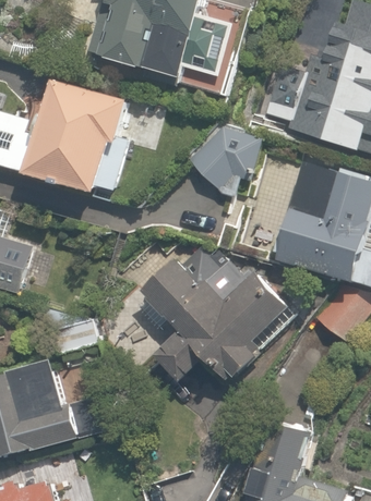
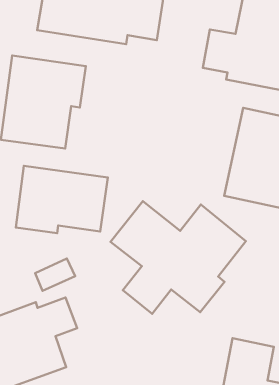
building: [183,113,264,193] -> none
building: none -> [16,166,108,233]

